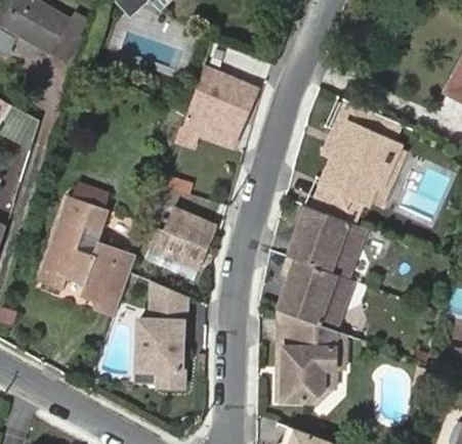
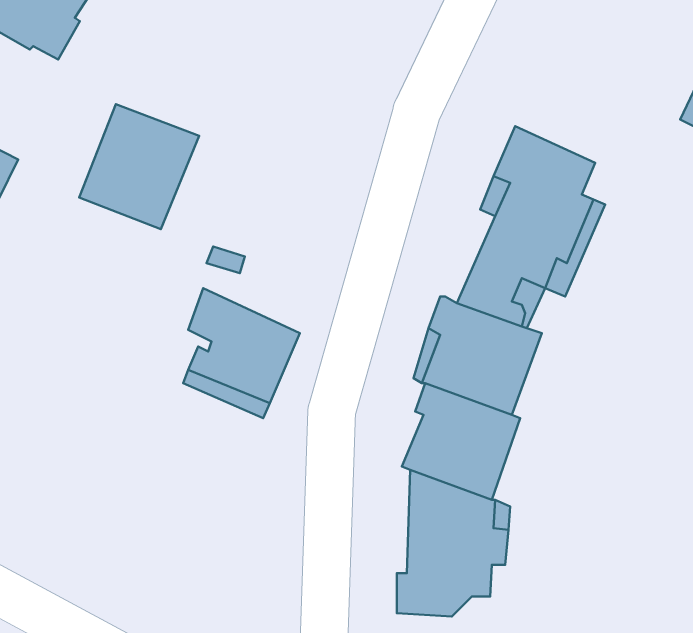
building: [182,71,256,147] -> [79,104,199,229]
building: [37,195,134,315] -> none
building: [136,281,186,387] -> none

